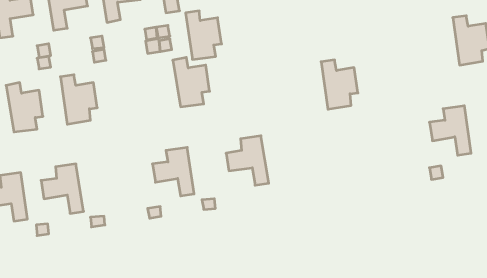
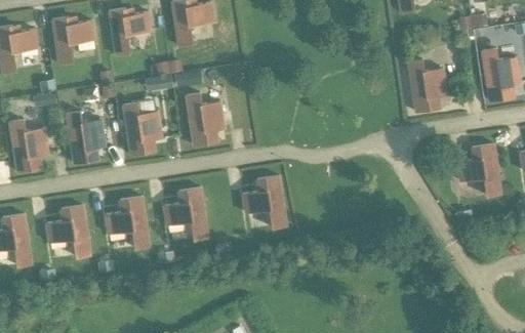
building: [186,11,222,59] -> [123,103,161,155]
building: [321,60,358,109] -> [407,60,446,113]
building: none -> [105,197,149,249]

